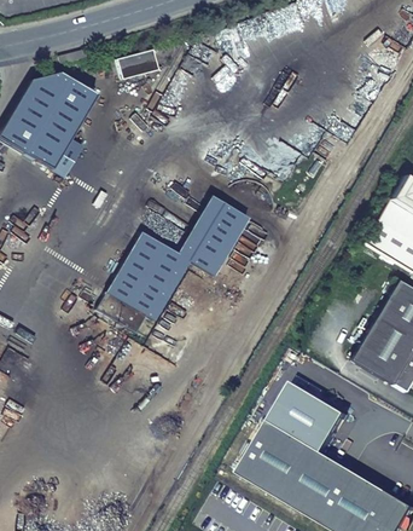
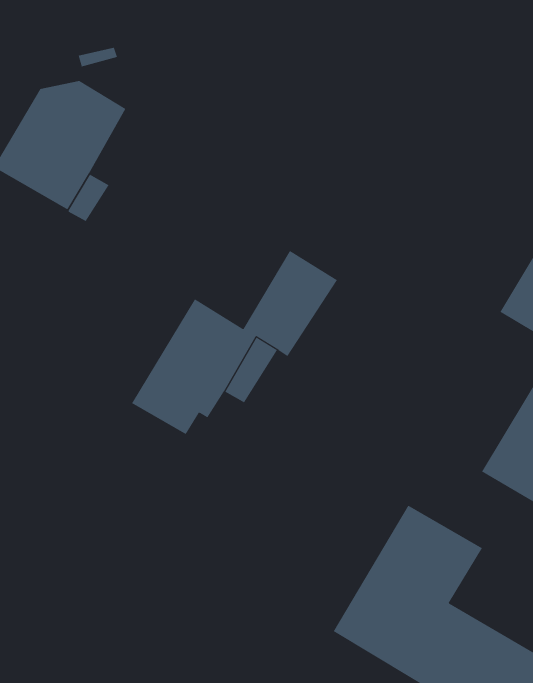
building: [114,45,156,76] -> none

